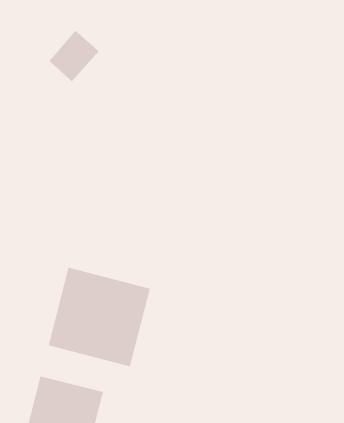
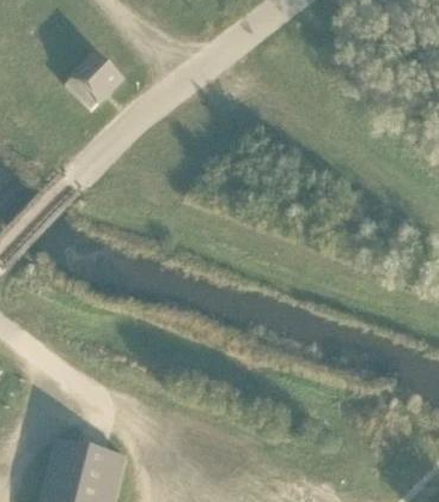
building: [48,267,150,367] -> none

